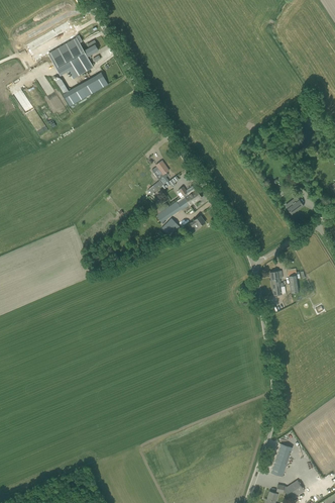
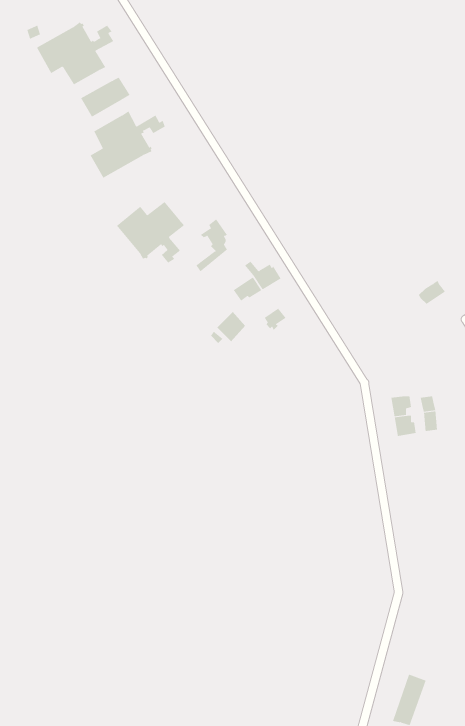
building: none -> [90,111,165,179]
building: none -> [116,201,185,264]

